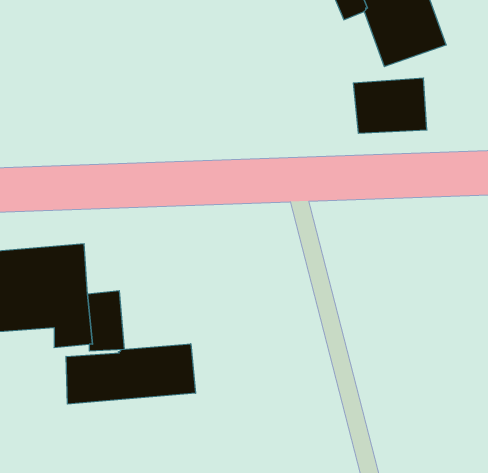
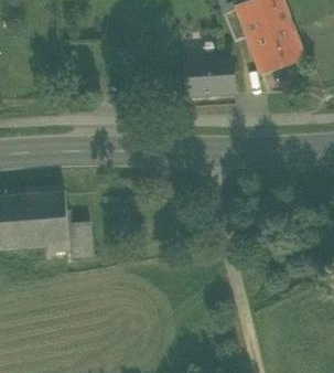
building: [353,78,427,133] -> [185,57,234,94]
building: [66,344,196,404] -> none

